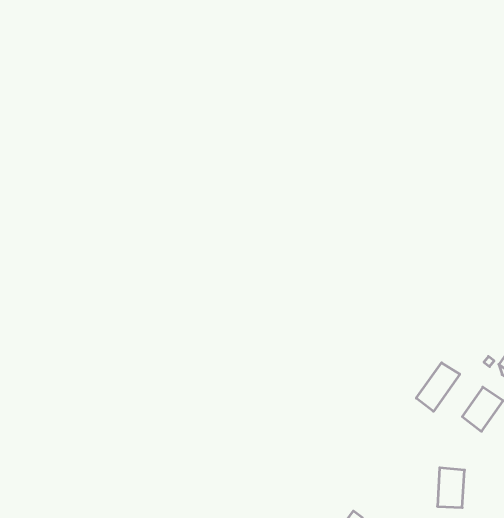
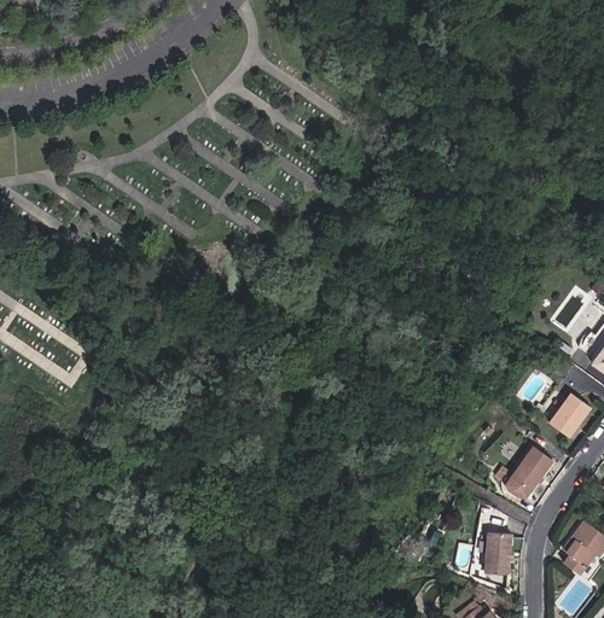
building: [416,363,460,411] -> none

